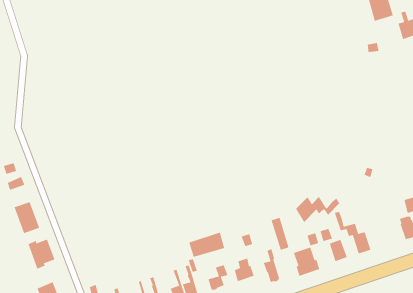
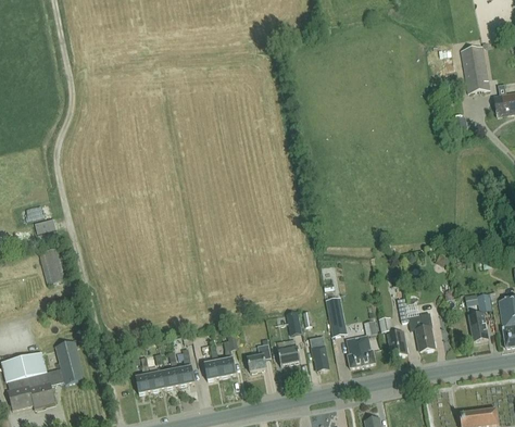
building: [295,196,340,223] -> none
building: [188,232,225,258] -> none
building: [27,238,55,270] -> none

